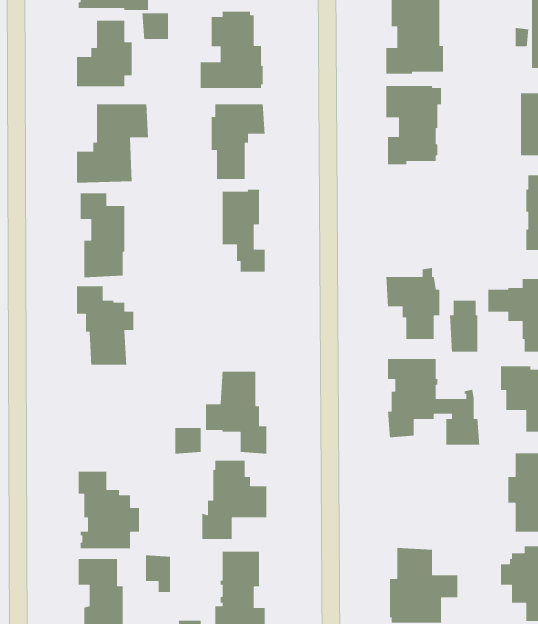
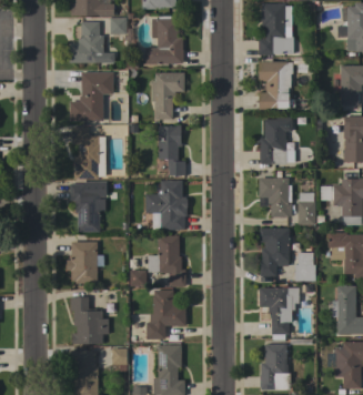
building: none -> [256,117,295,170]
building: none -> [145,180,189,230]
building: none -> [67,241,103,283]
building: none -> [260,287,300,338]

